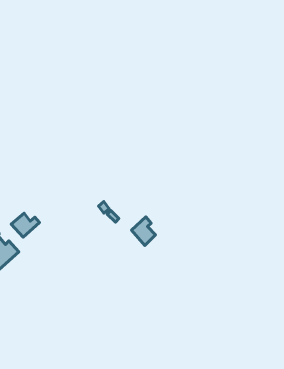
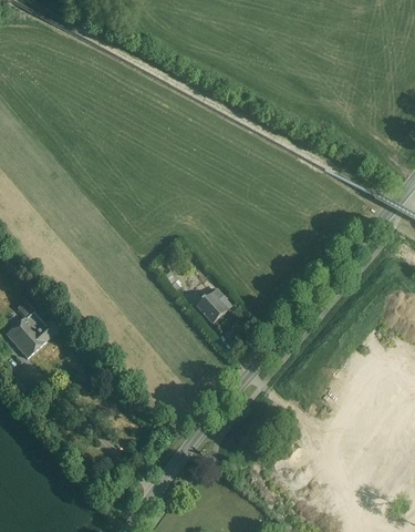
building: [11,213,40,237] -> none

